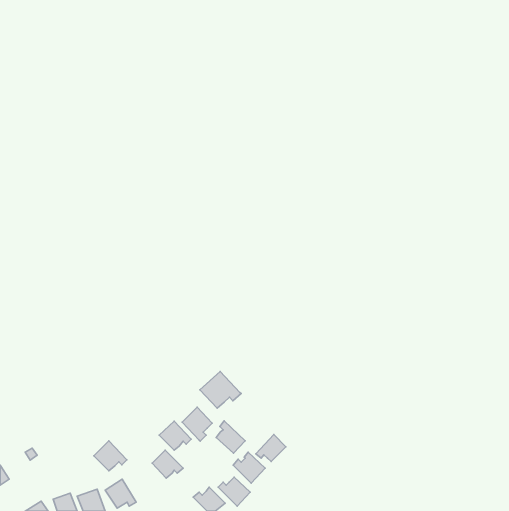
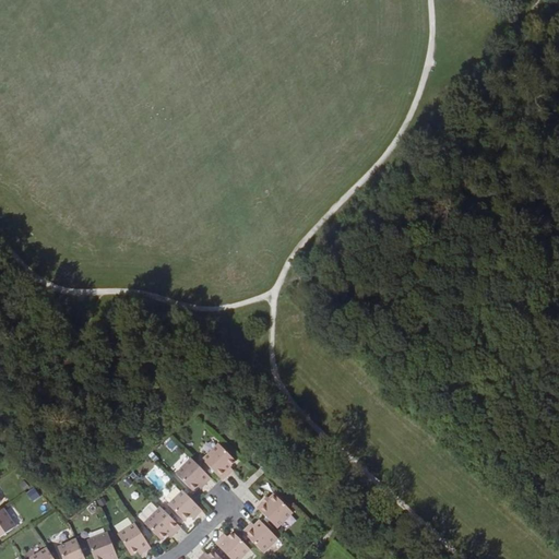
building: [200,371,241,408] -> none
building: [216,421,245,453] -> none
building: [256,435,286,461] -> none
building: [94,441,127,471] -> [144,507,180,539]

